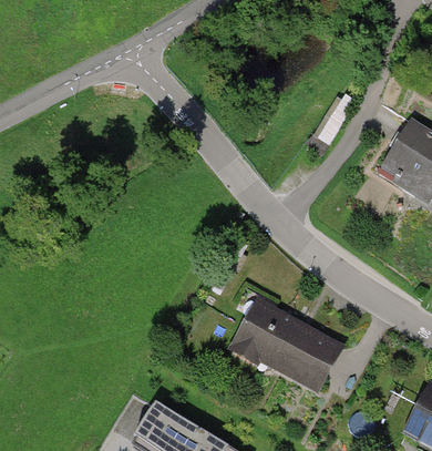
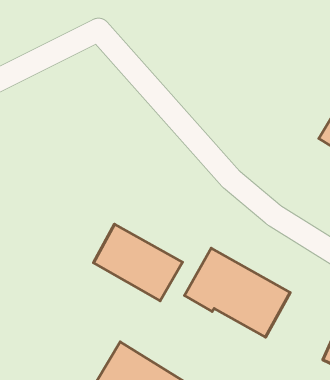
building: none -> [93,224,182,301]

